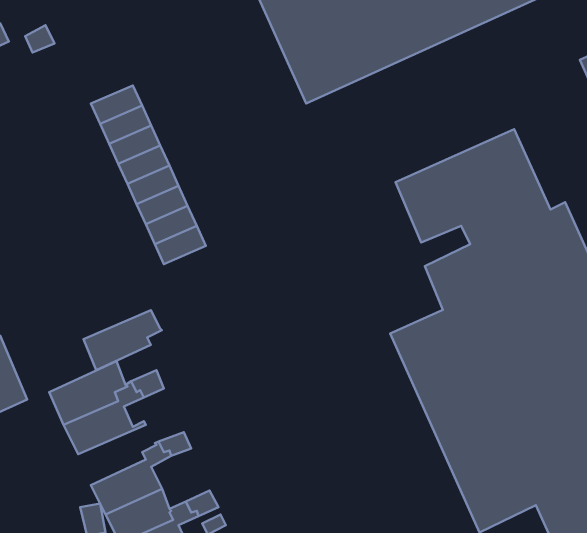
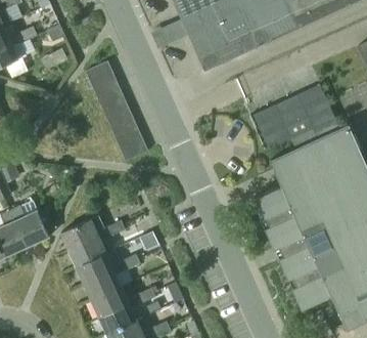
building: [83,310,162,370] -> [77,251,121,285]

